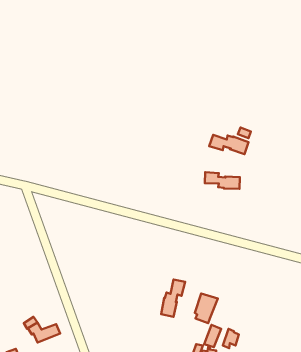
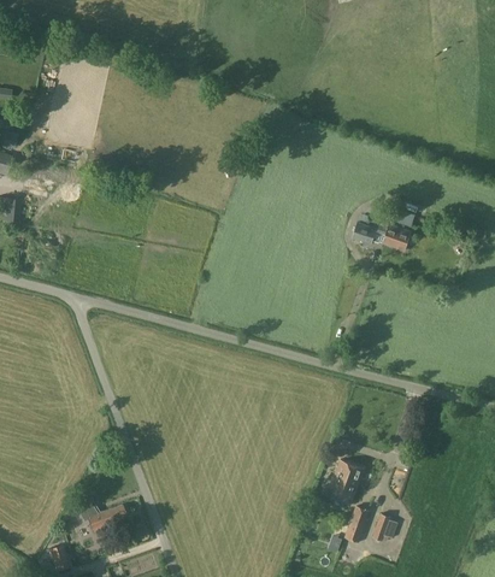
building: [205,172,240,189] -> none
building: [161,280,185,317] -> none

